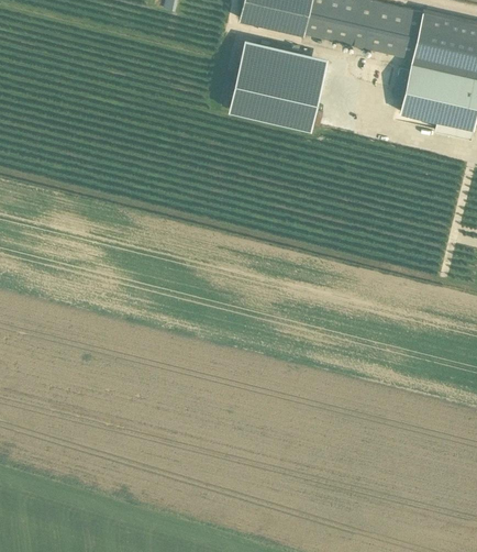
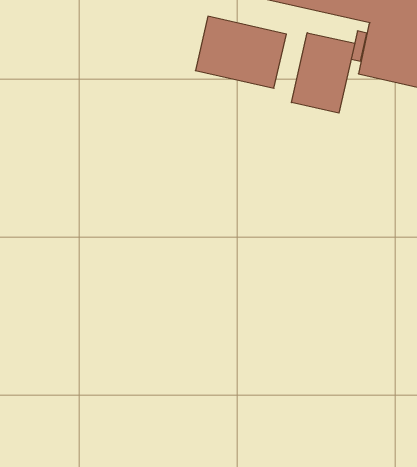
building: none -> [291,33,355,113]

